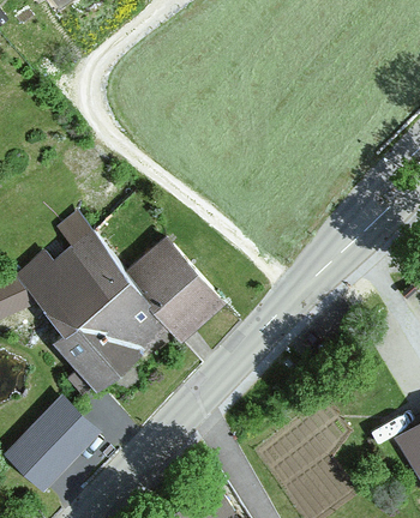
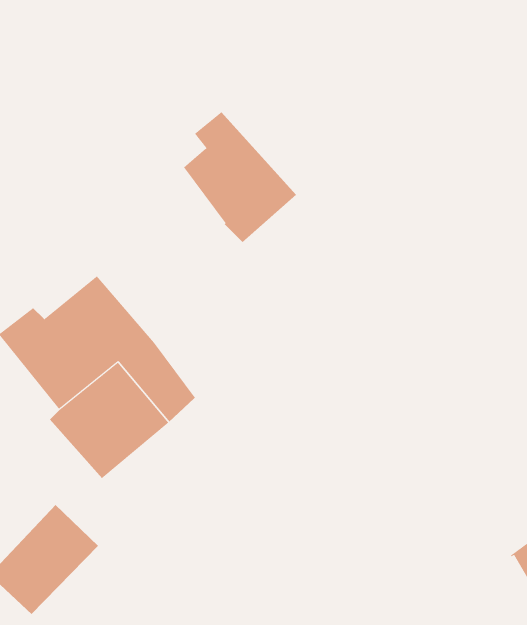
building: [136,243,221,342] -> [183,111,297,243]

